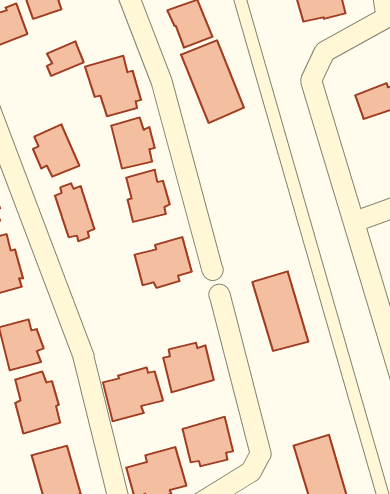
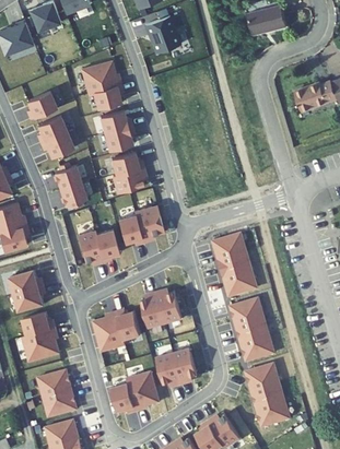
building: [181,40,244,123] -> none
building: [47,41,84,76] -> [27,92,57,119]
building: none -> [77,227,118,262]
building: none -> [230,298,274,362]

